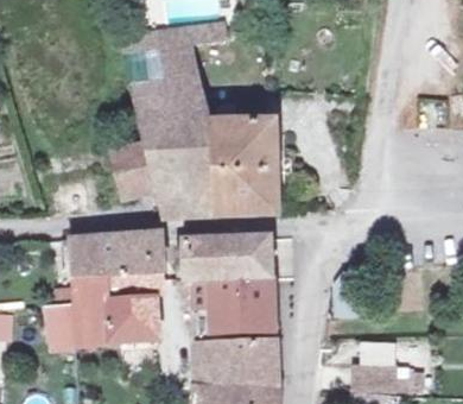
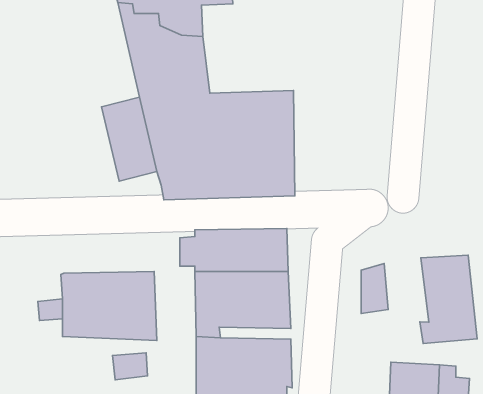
building: [76,234,157,279] -> none
building: none -> [420,255,477,344]

